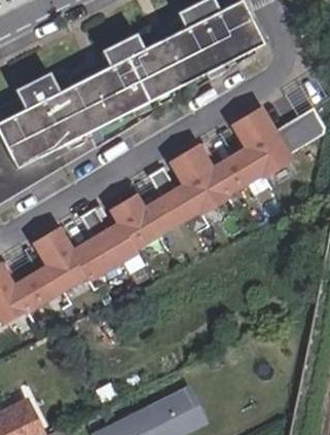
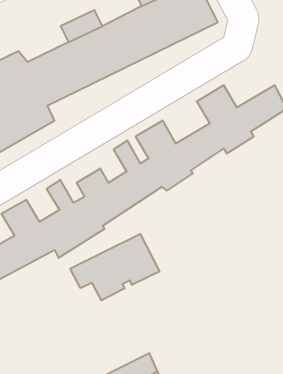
building: none -> [70,234,159,300]

